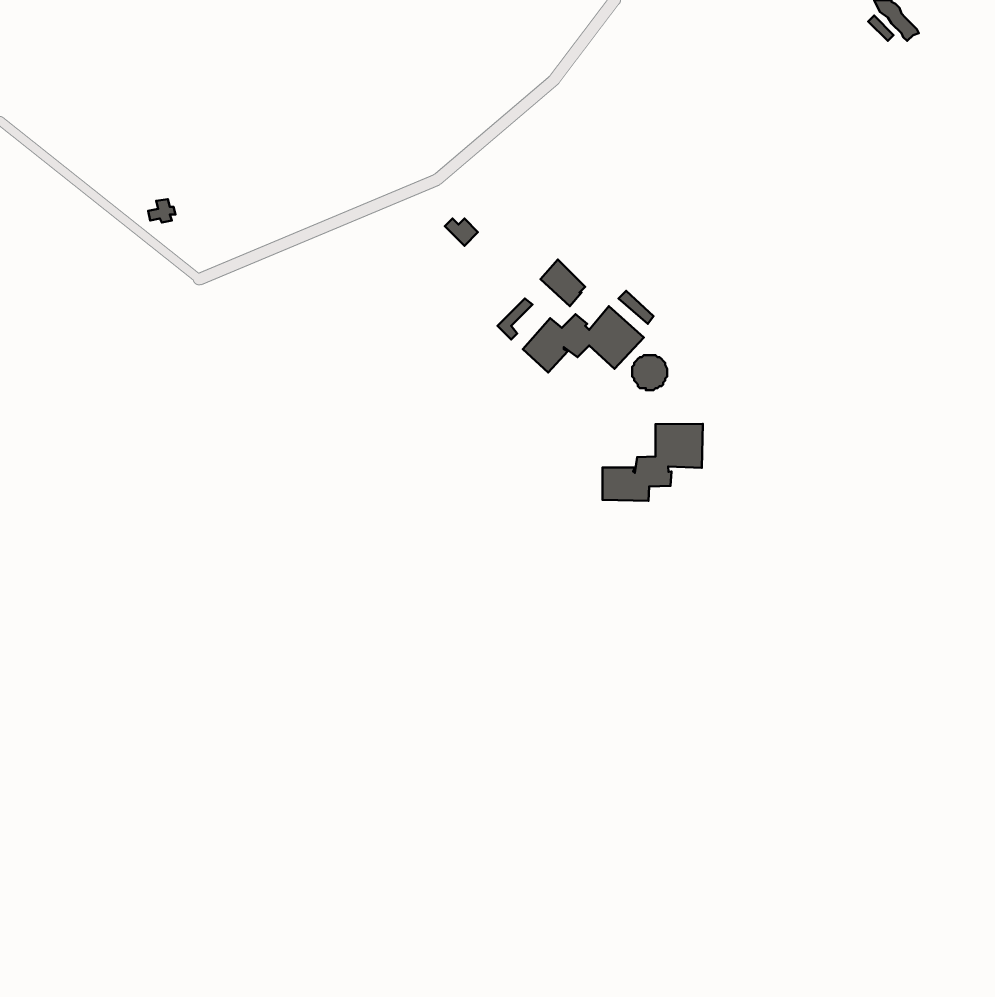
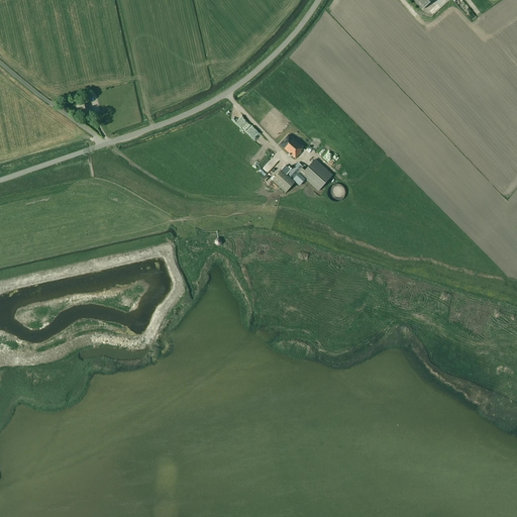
building: [603,424,703,501] -> none

